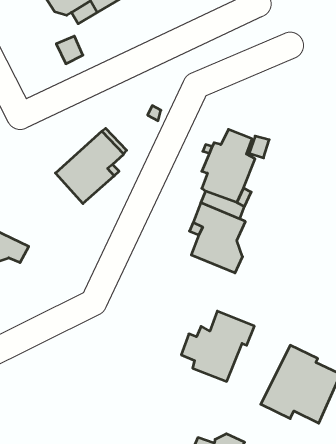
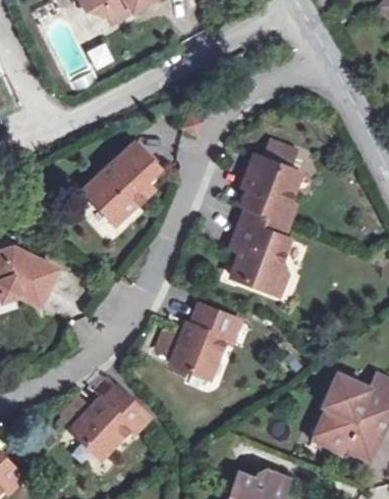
building: [181,311,254,381] -> [161,304,239,380]
building: none -> [60,386,147,455]

